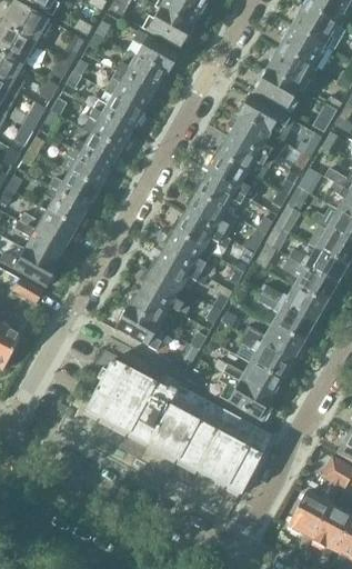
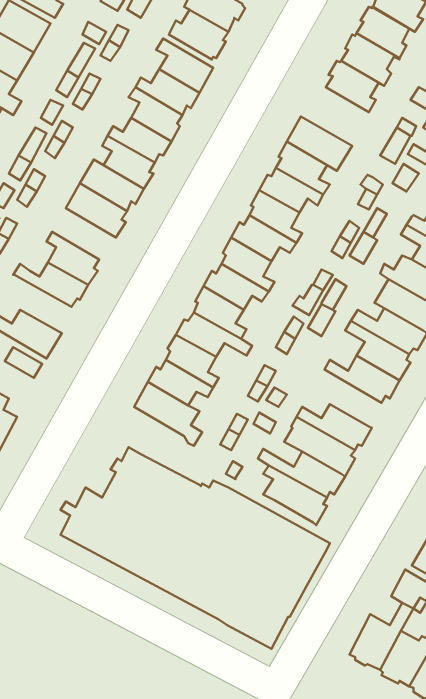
building: [255,70,303,112] -> none
building: [50,171,101,208] -> none
building: [14,220,66,267] -> none
building: [263,296,314,342] -> none

